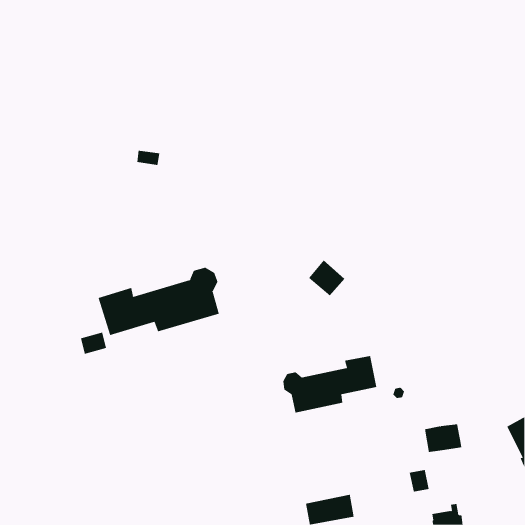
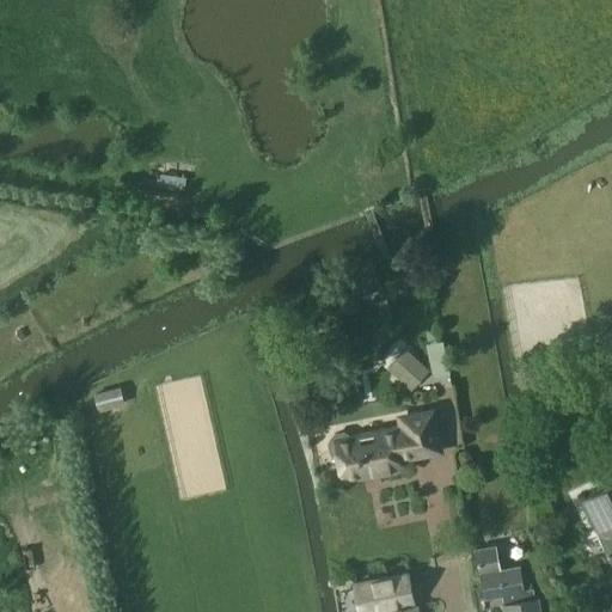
building: [308,259,345,296] -> [386,348,429,391]
building: [98,267,219,336] -> none
building: [424,424,462,453] -> [481,567,525,600]

